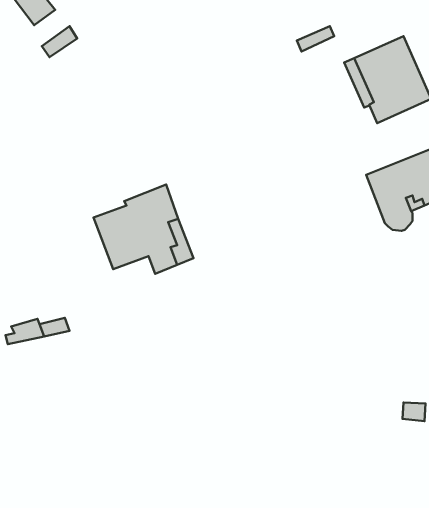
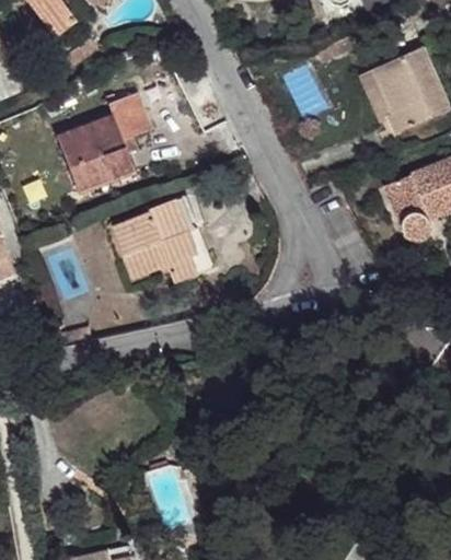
building: none -> [56,92,150,190]

